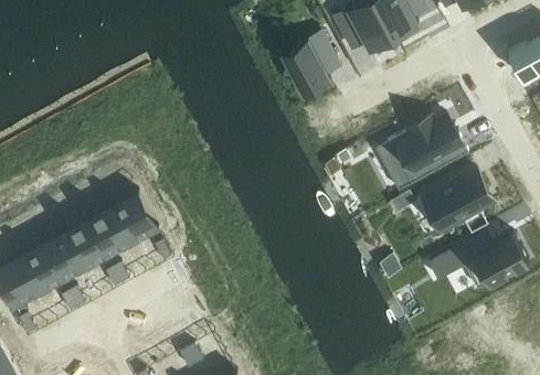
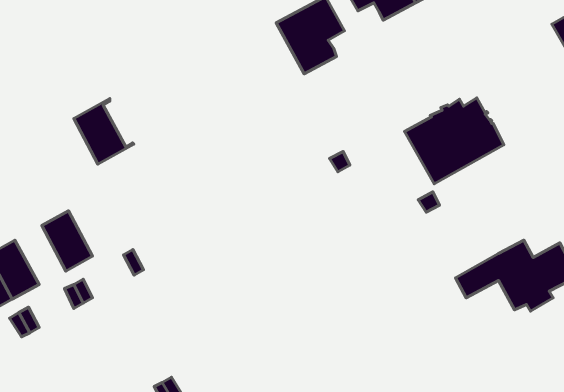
building: [423,170,493,232] -> none
building: [109,192,159,246] -> [74,98,134,164]
building: [65,221,107,269] -> none

